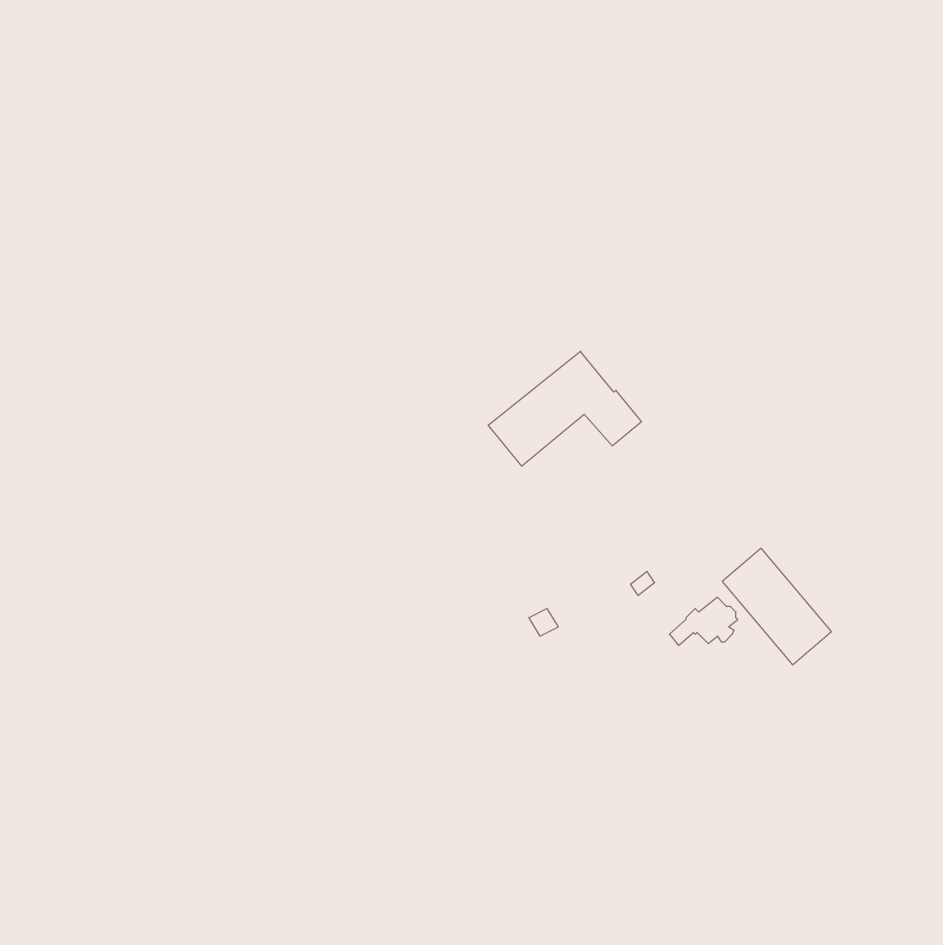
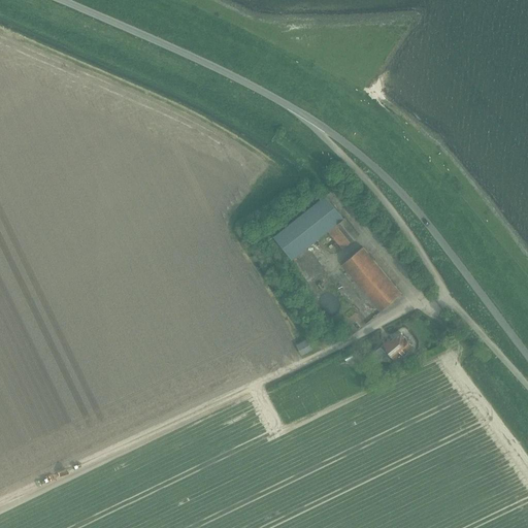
building: [722,548,831,665] -> [340,246,401,311]

